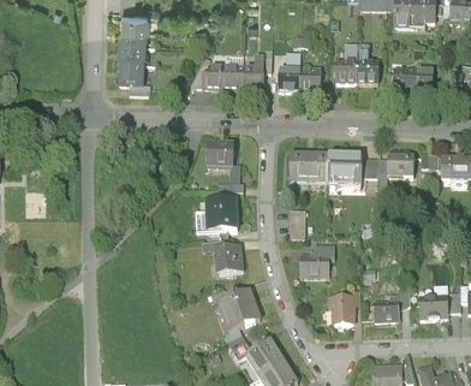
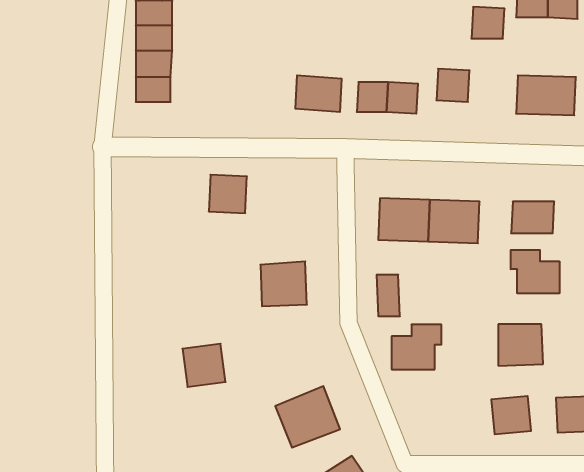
building: [356,61,380,84] -> [471,7,505,39]
building: [199,64,232,89] -> none
building: [208,143,236,171] -> [209,175,247,213]
building: none -> [511,250,559,293]
building: [214,247,245,278] -> [182,344,226,387]
building: [329,297,362,327] -> [498,324,543,366]

